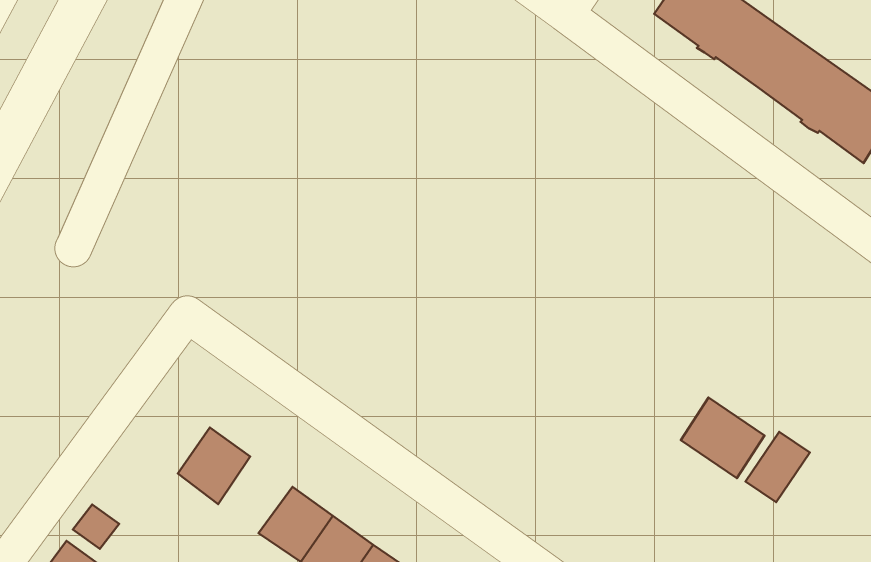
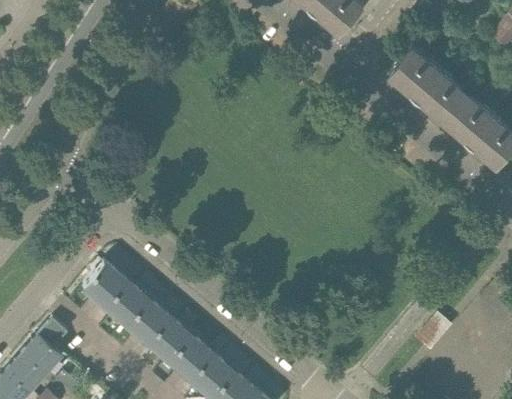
building: none -> [81,260,123,305]
building: [681,398,765,478] -> none
building: none -> [124,299,166,342]

